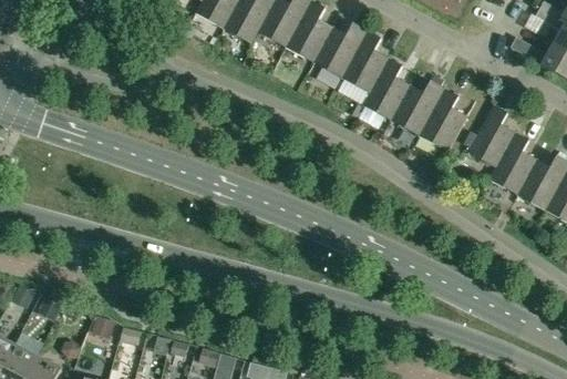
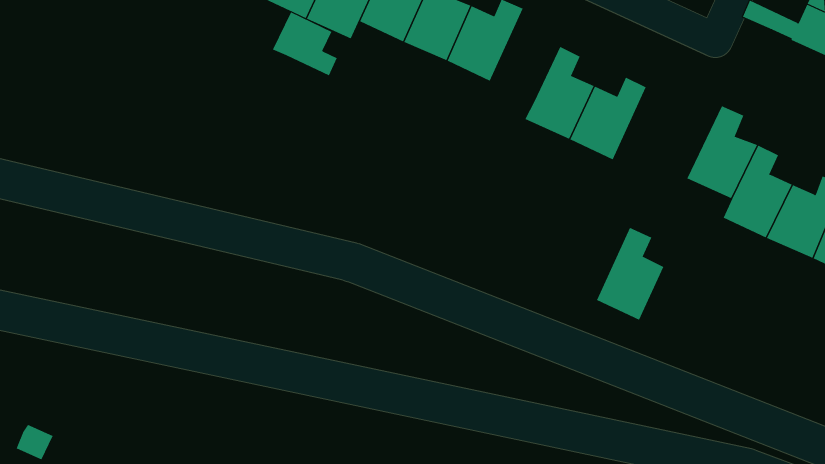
building: none -> [272,12,338,76]
building: [341,31,389,93] -> none
building: [419,89,465,151] -> [596,227,664,321]

